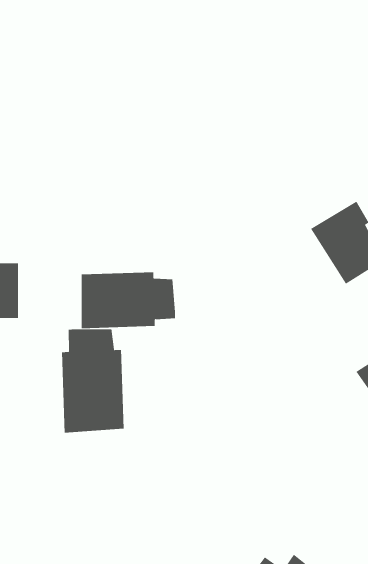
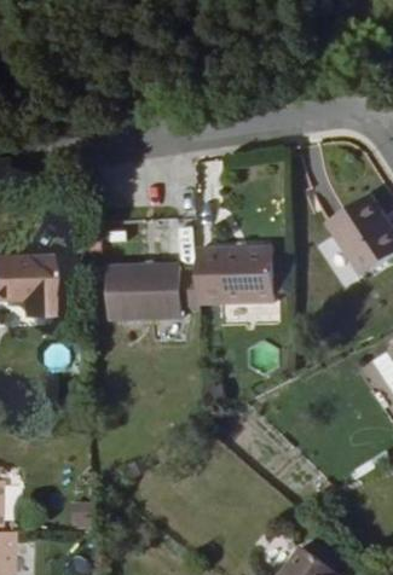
building: none -> [200,248,276,303]
building: [61,329,124,433] -> none

